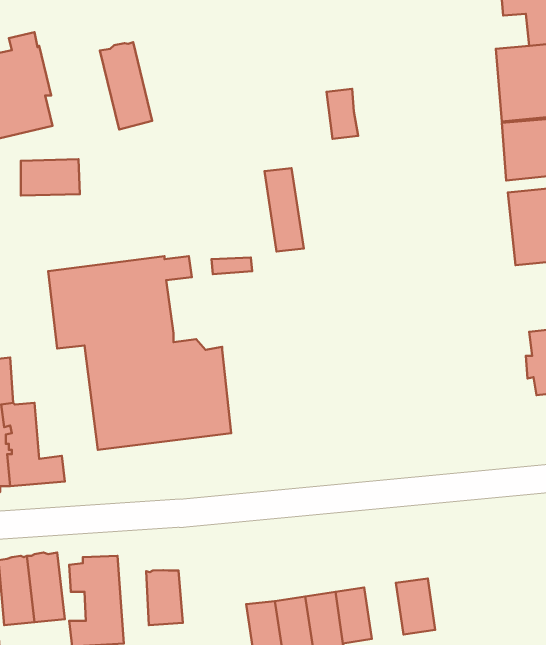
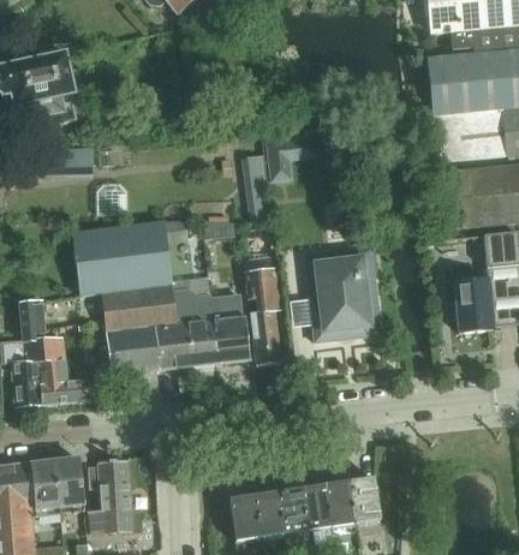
building: [100,42,152,129] -> none
building: [326,89,358,139] -> [267,139,292,179]
building: none -> [305,245,381,341]
building: none -> [245,267,281,364]
building: none -> [210,292,250,362]
building: [146,570,183,625] -> none
building: none -> [323,481,354,525]

